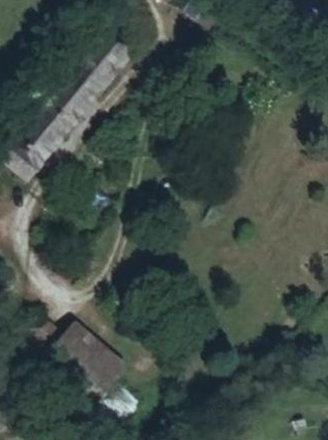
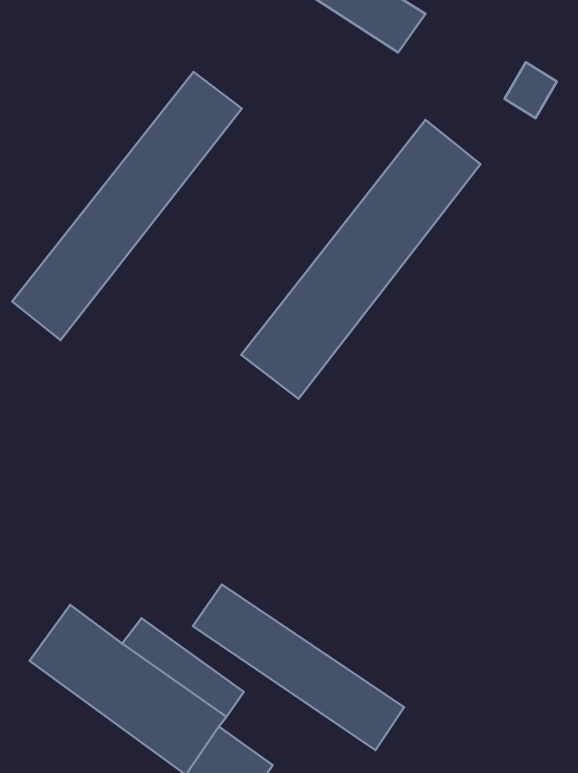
building: none -> [241,120,481,399]
building: none -> [193,584,404,750]

